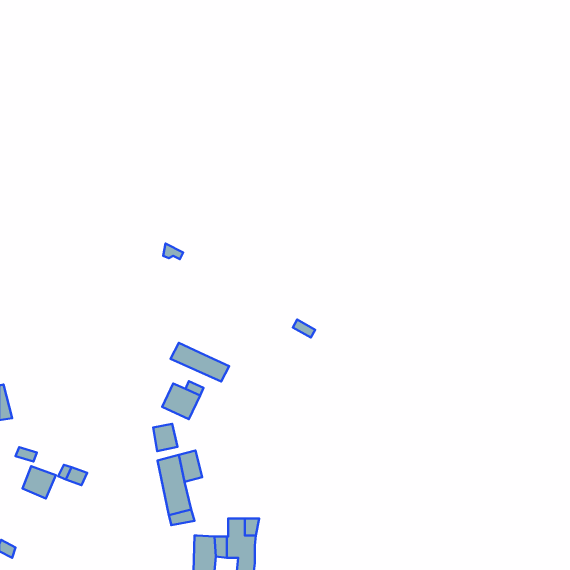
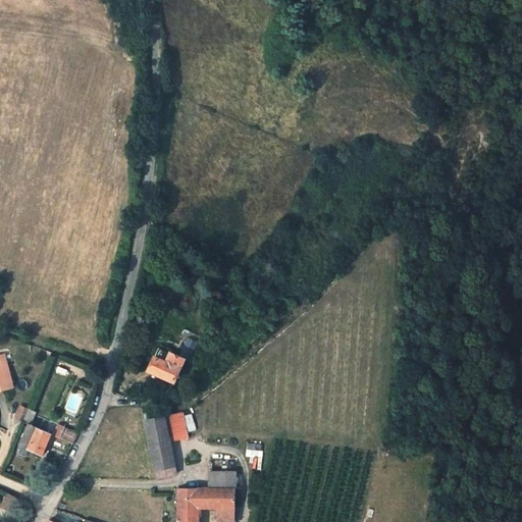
building: [171,343,229,381] -> none
building: [153,424,177,451] -> none

